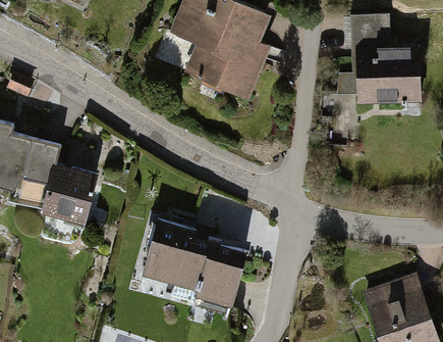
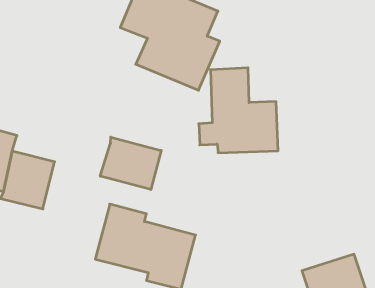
building: [336,13,420,103] -> [199,68,278,153]
building: none -> [100,137,161,190]

